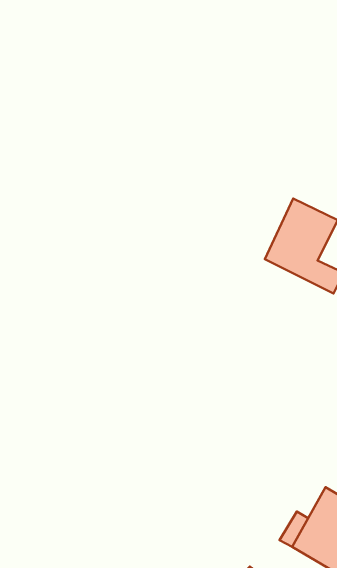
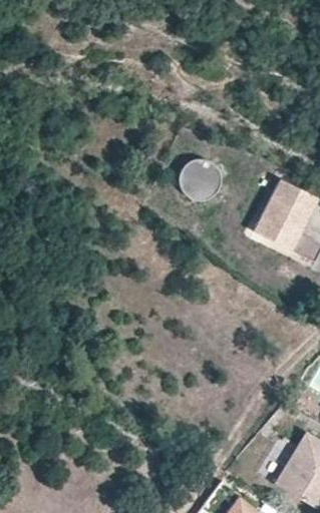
building: none -> [179,159,221,201]

